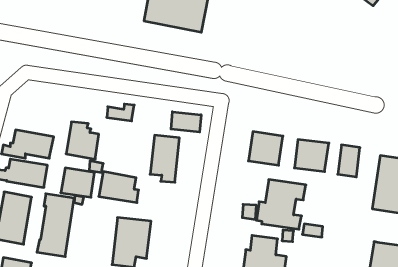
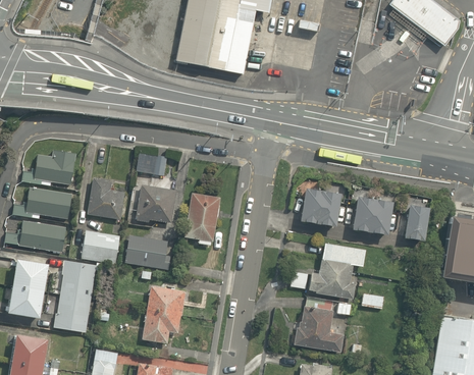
building: none -> [22,149,77,184]
building: [171,112,201,132] -> none
building: none -> [137,183,178,222]

